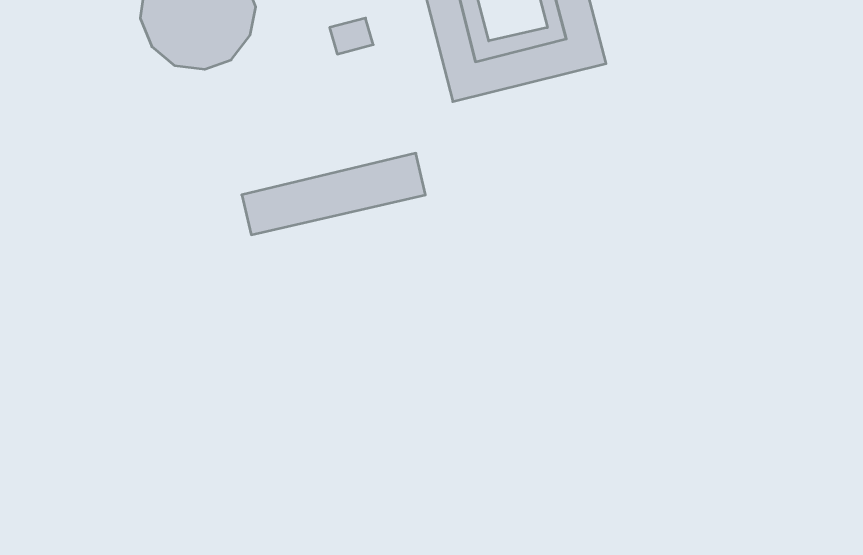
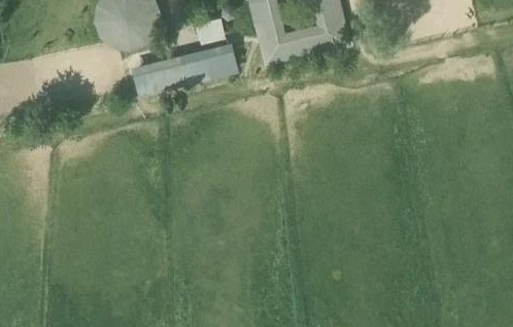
building: [242,153,425,235] -> [132,46,232,90]

